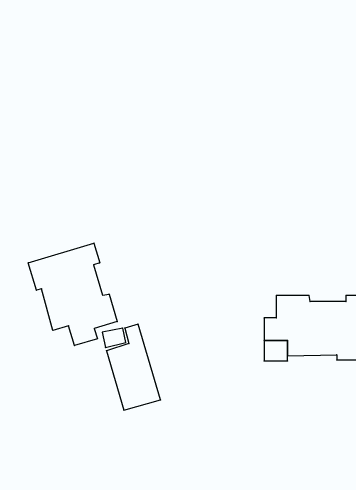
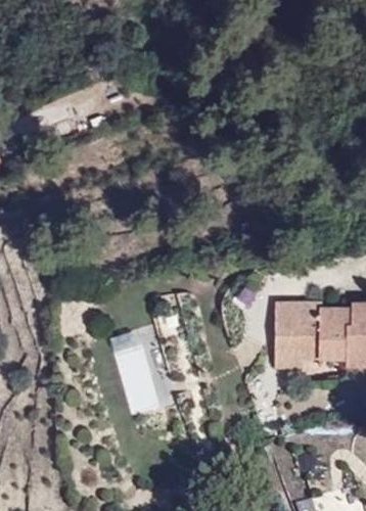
building: [28,243,117,346] -> none

